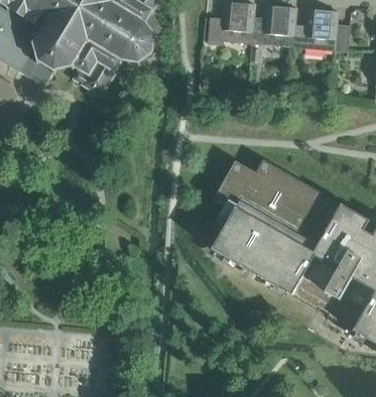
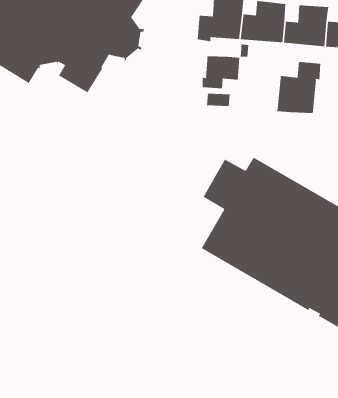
building: none -> [202,56,240,89]
building: none -> [277,61,321,114]

